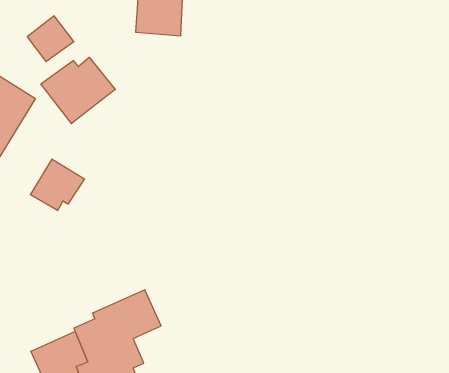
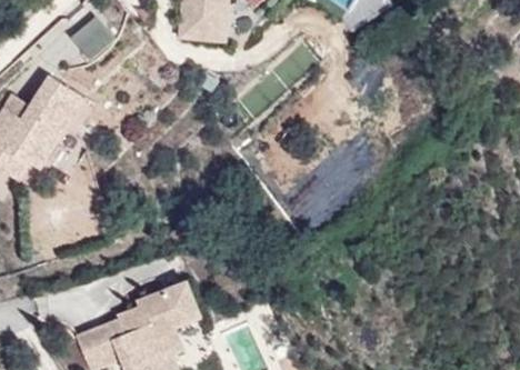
building: [41,57,115,124] -> none
building: [30,159,84,211] -> none

